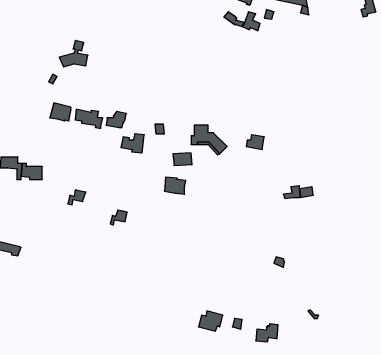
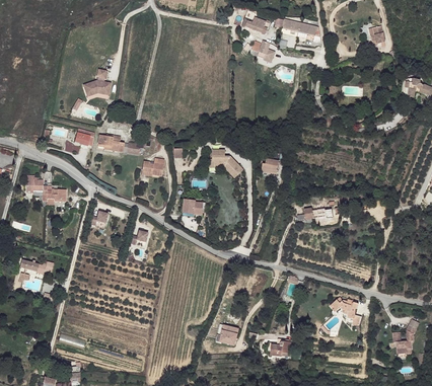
building: none -> [329,297,361,325]

